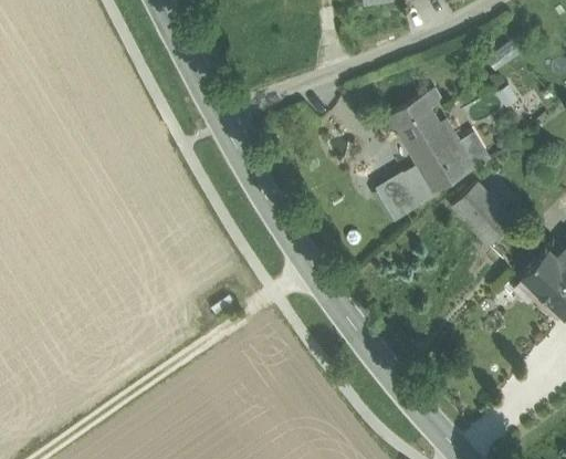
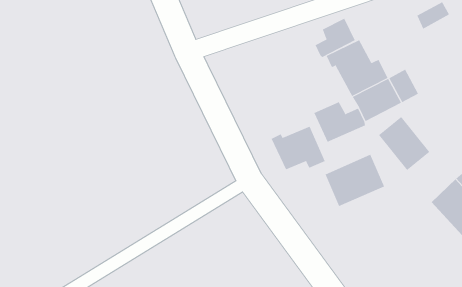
building: none -> [315,18,356,58]
building: none -> [271,126,325,170]
building: none -> [325,154,385,207]

